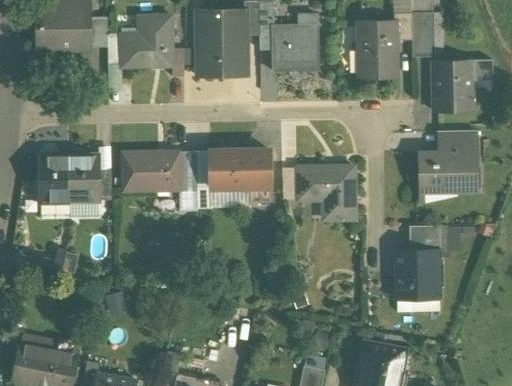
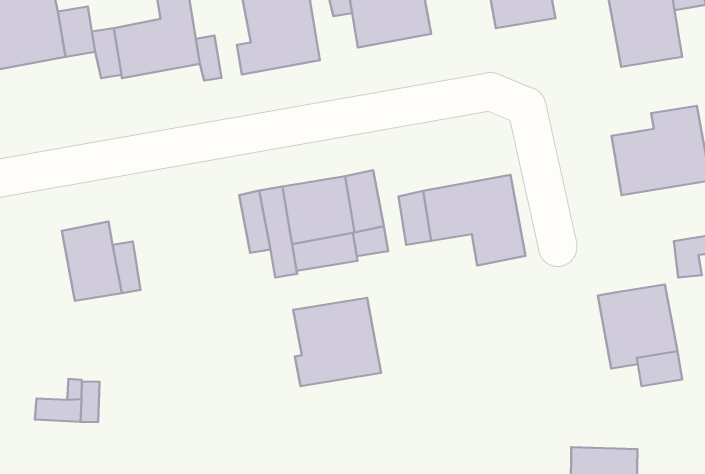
building: [439,130,477,152] -> none
building: [124,150,179,189] -> none
building: [40,155,70,201] -> none
building: [410,225,439,250] -> none
building: none -> [293,298,381,386]

